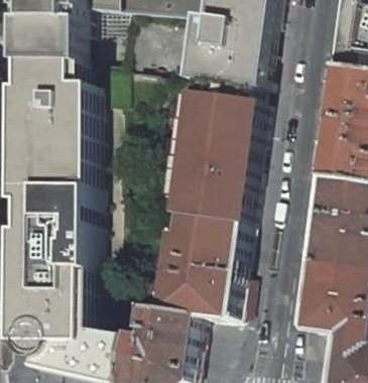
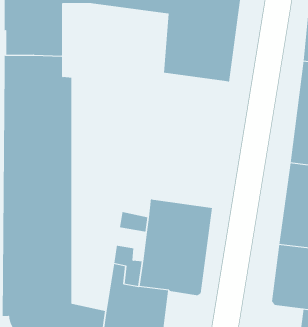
building: [177,79,259,224] -> none

